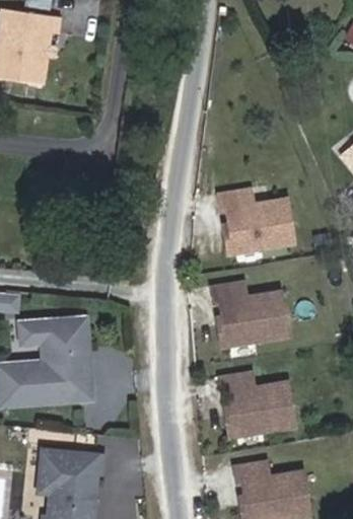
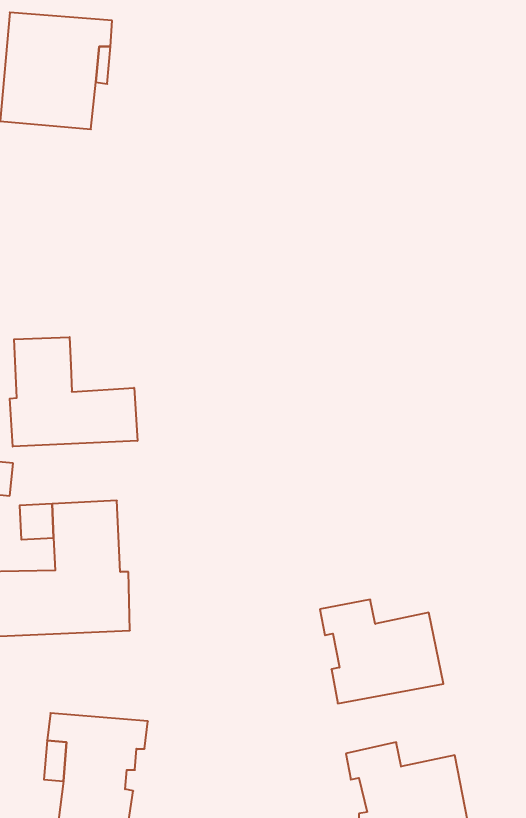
building: [212,191,286,254] -> none
building: none -> [10,337,137,447]
building: [203,284,279,349] -> none

